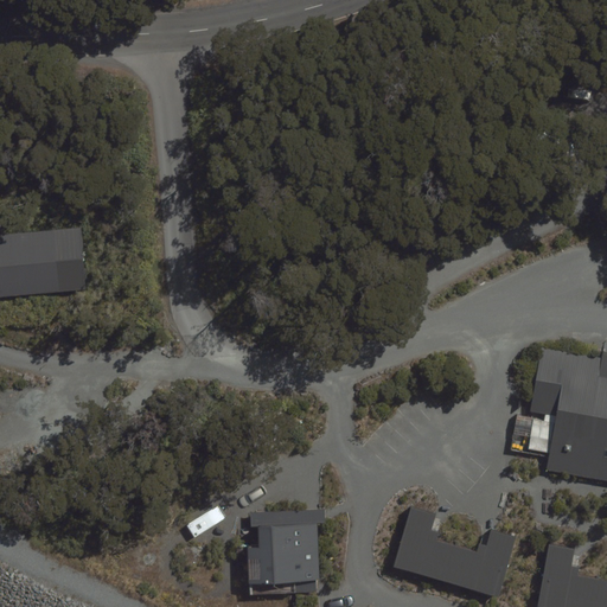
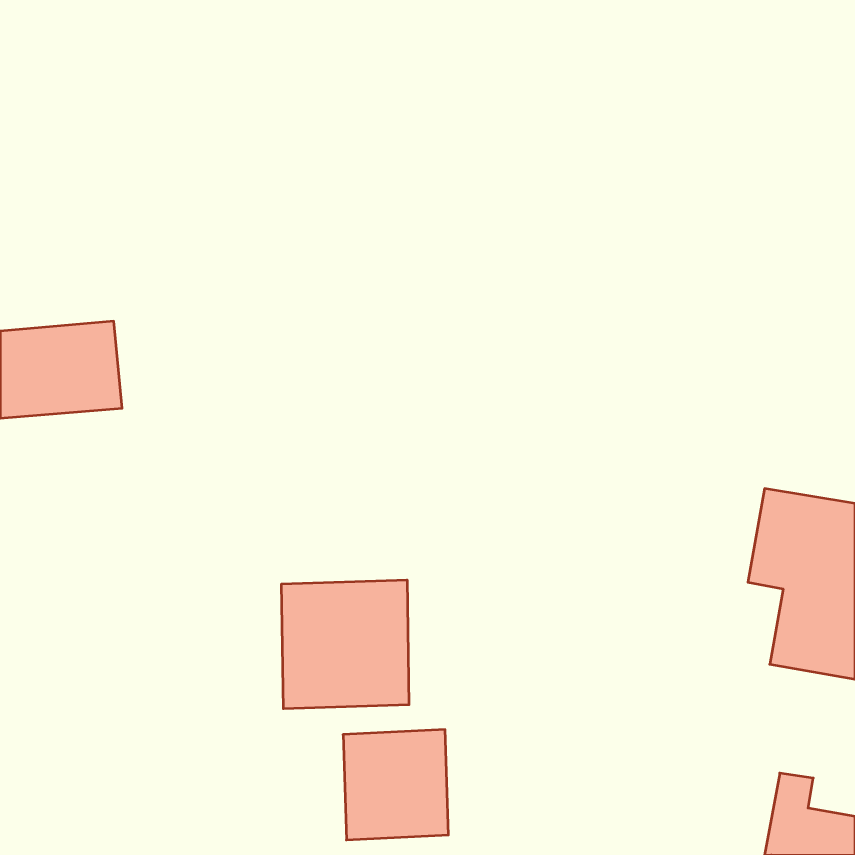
building: none -> [282,580,409,709]
building: [395,509,515,595] -> none

